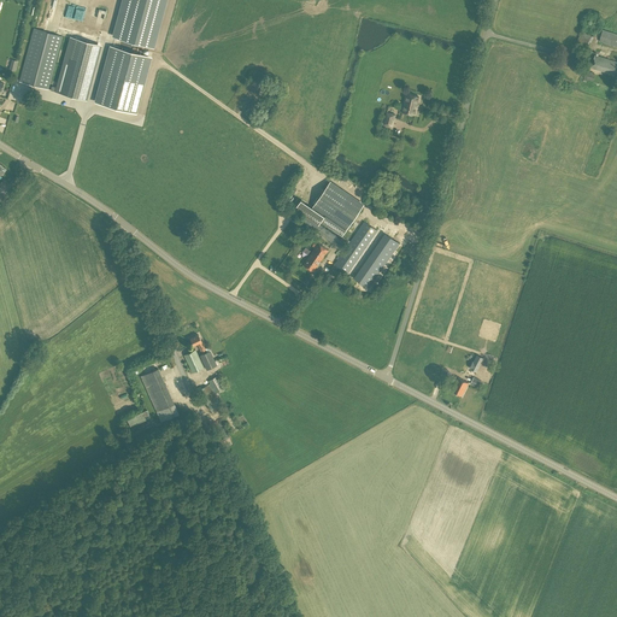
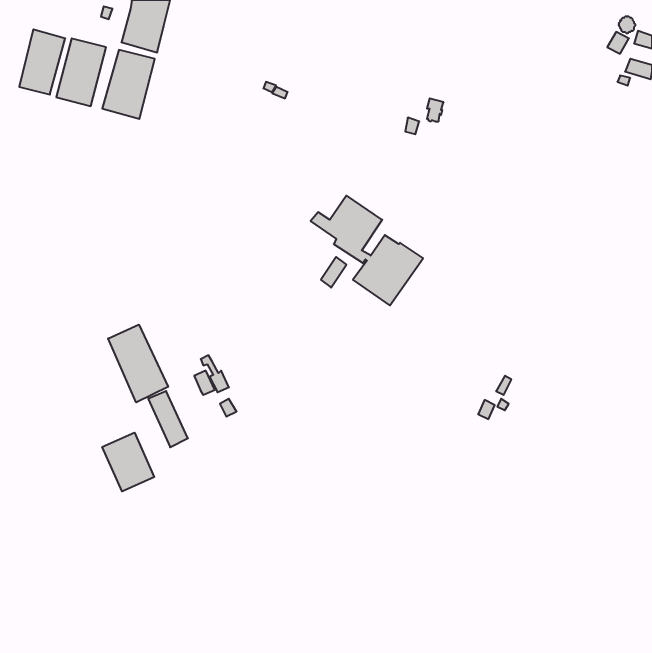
building: none -> [108,325,168,402]
building: none -> [102,433,154,491]

